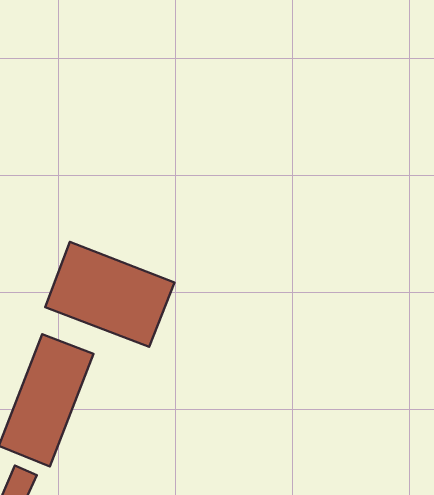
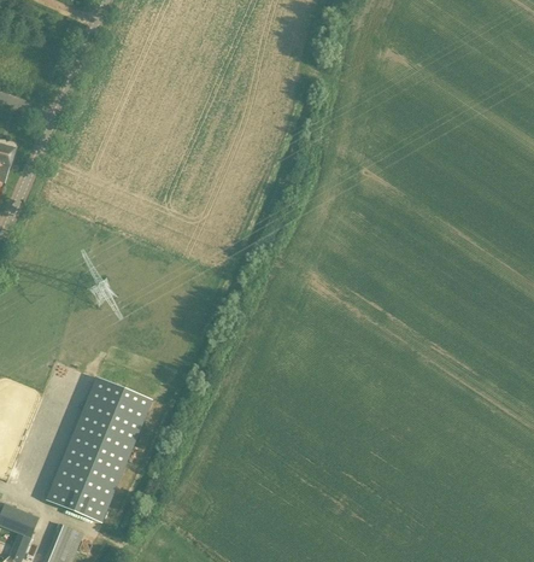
building: [45,242,174,347] -> none

